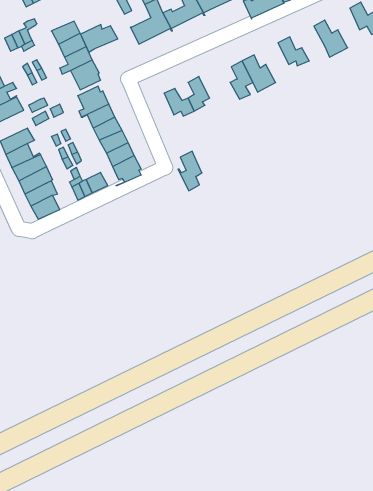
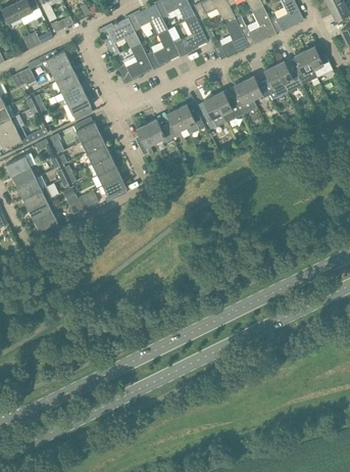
building: none -> [294,50,316,84]
building: [81,25,118,52] -> [38,49,69,73]
building: none -> [263,65,287,99]
building: none -> [233,80,256,114]
building: none -> [176,103,204,134]
building: [178,151,202,191] -> [134,123,154,156]

